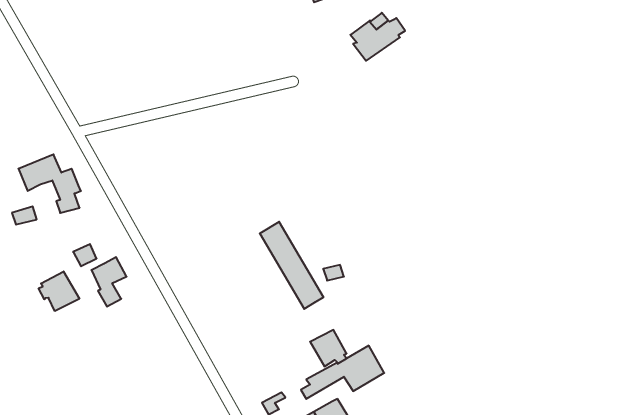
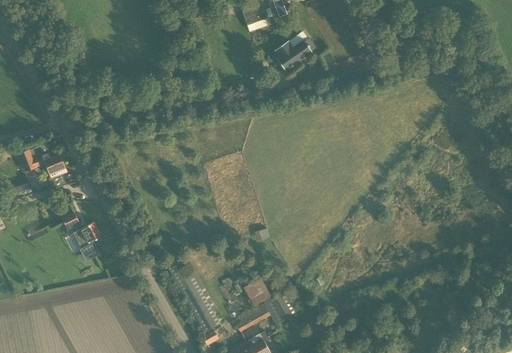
building: [260,222,324,309] -> [172,267,221,334]
building: [39,271,79,311] -> none

